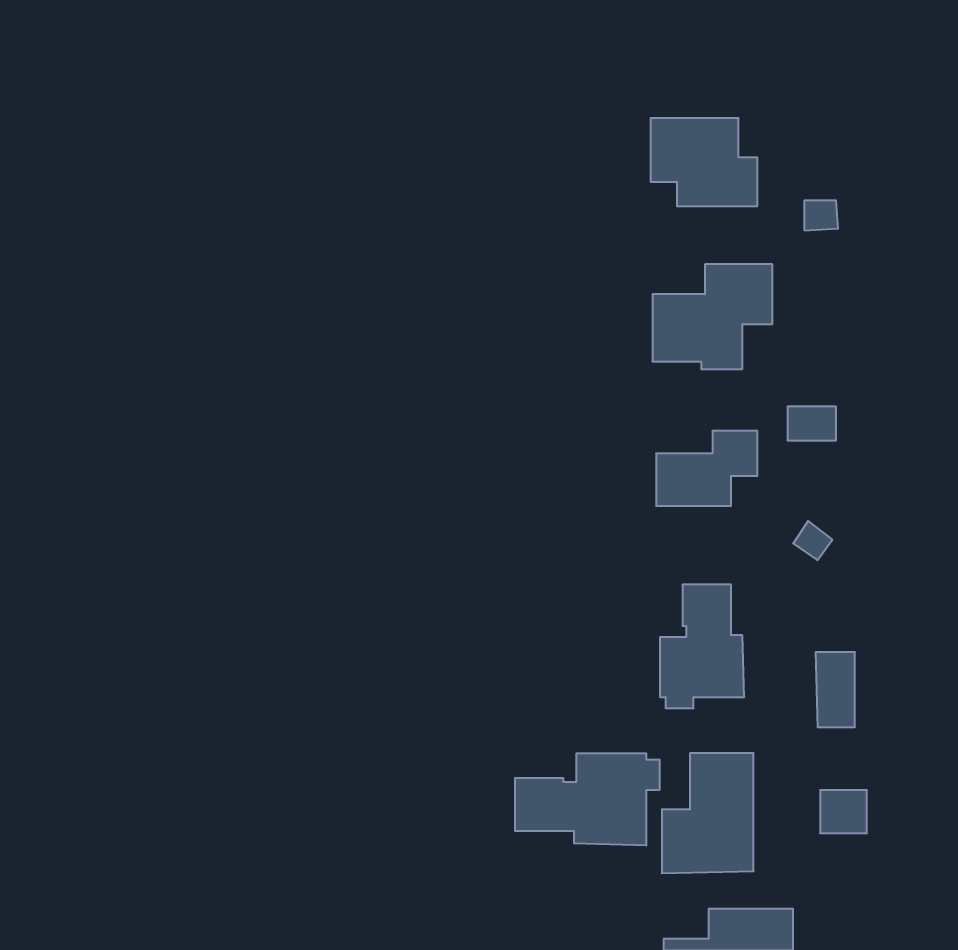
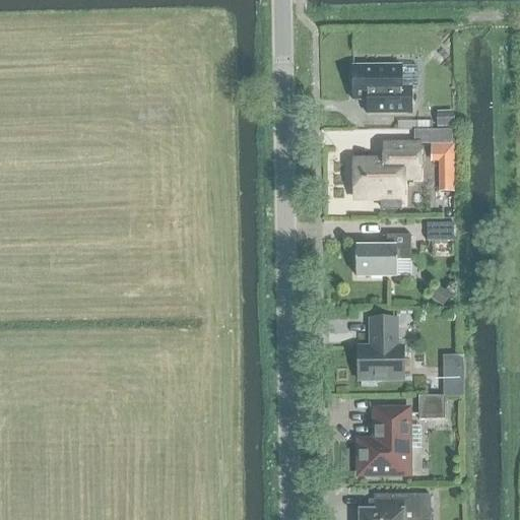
building: none -> [431,142,453,190]
building: [515,753,659,846] -> none
building: [820,790,867,833] -> [418,394,444,417]

